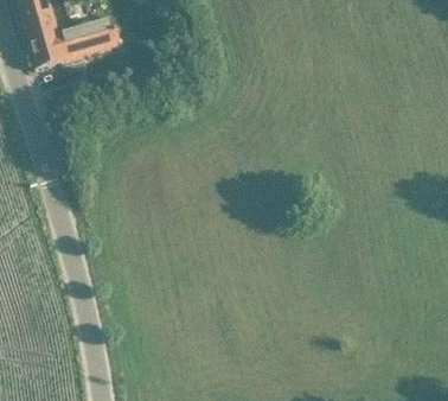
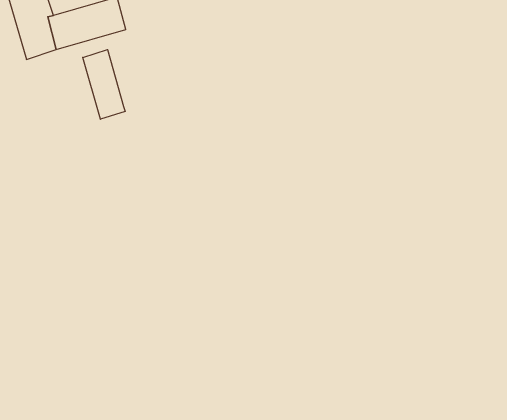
building: none -> [83,50,125,119]

